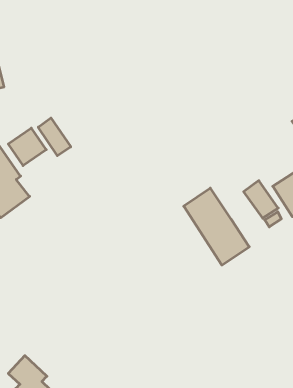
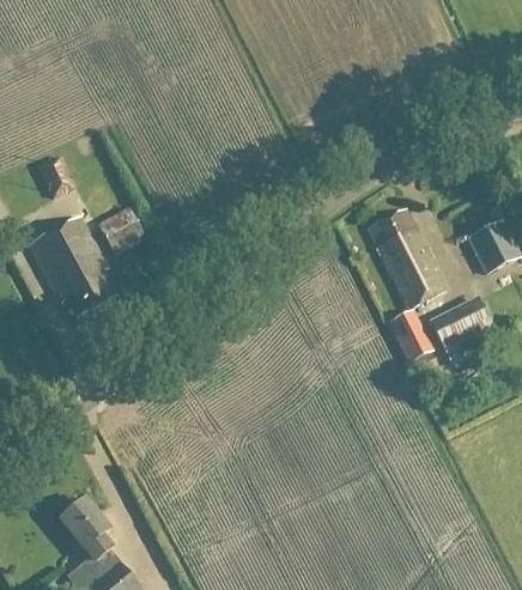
building: [38,118,71,156] -> none
building: [184,188,249,265] -> [369,206,447,306]

